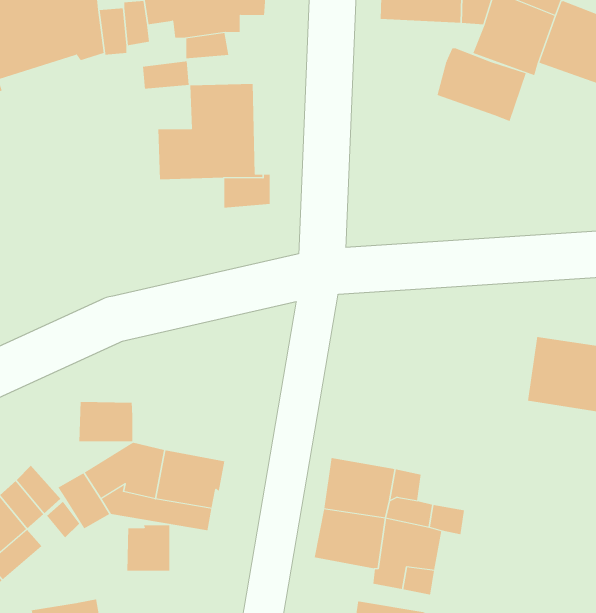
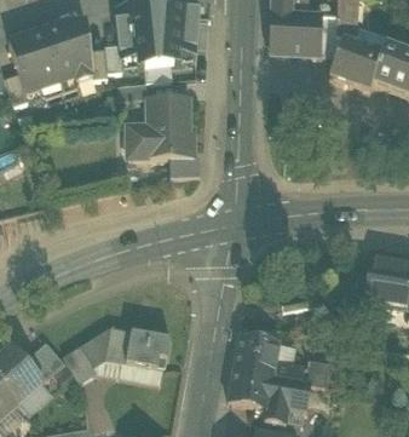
building: [437,47,527,122] -> none
building: [79,401,133,442] -> none
building: [127,524,170,571] -> none

